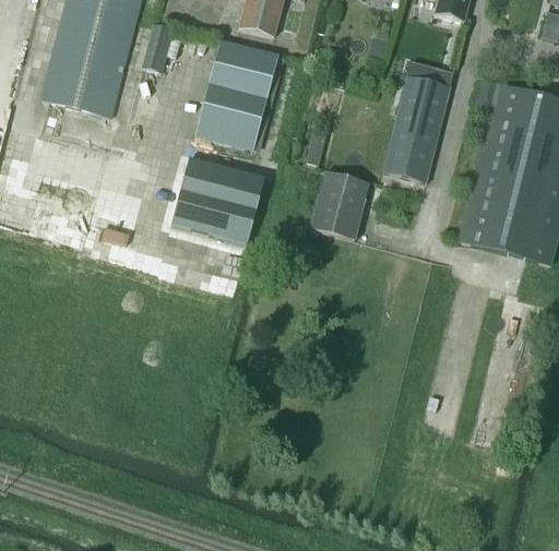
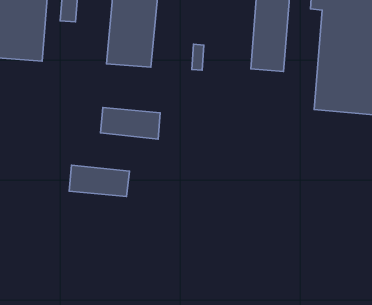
building: [180,157,264,211] -> [69,165,130,197]
building: [310,170,369,239] -> none

